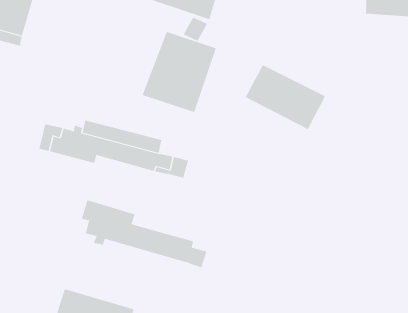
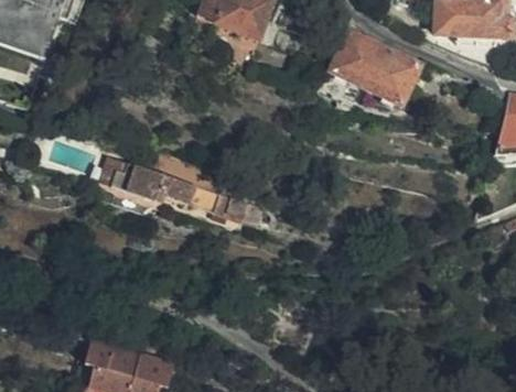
building: [142,31,217,113] -> none
building: [245,64,326,130] -> [331,34,421,107]
building: [81,200,207,268] -> none

